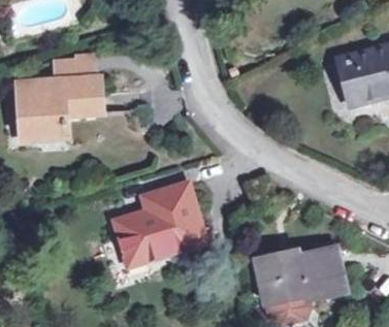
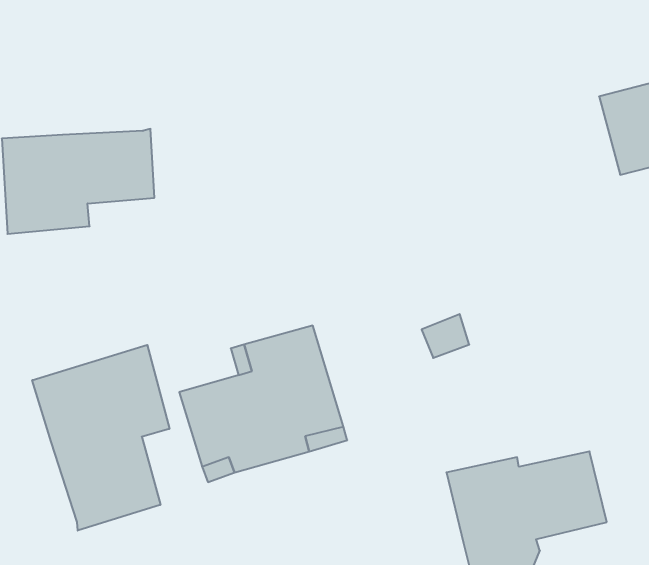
building: [48,55,93,80] -> none
building: none -> [32,345,169,531]

